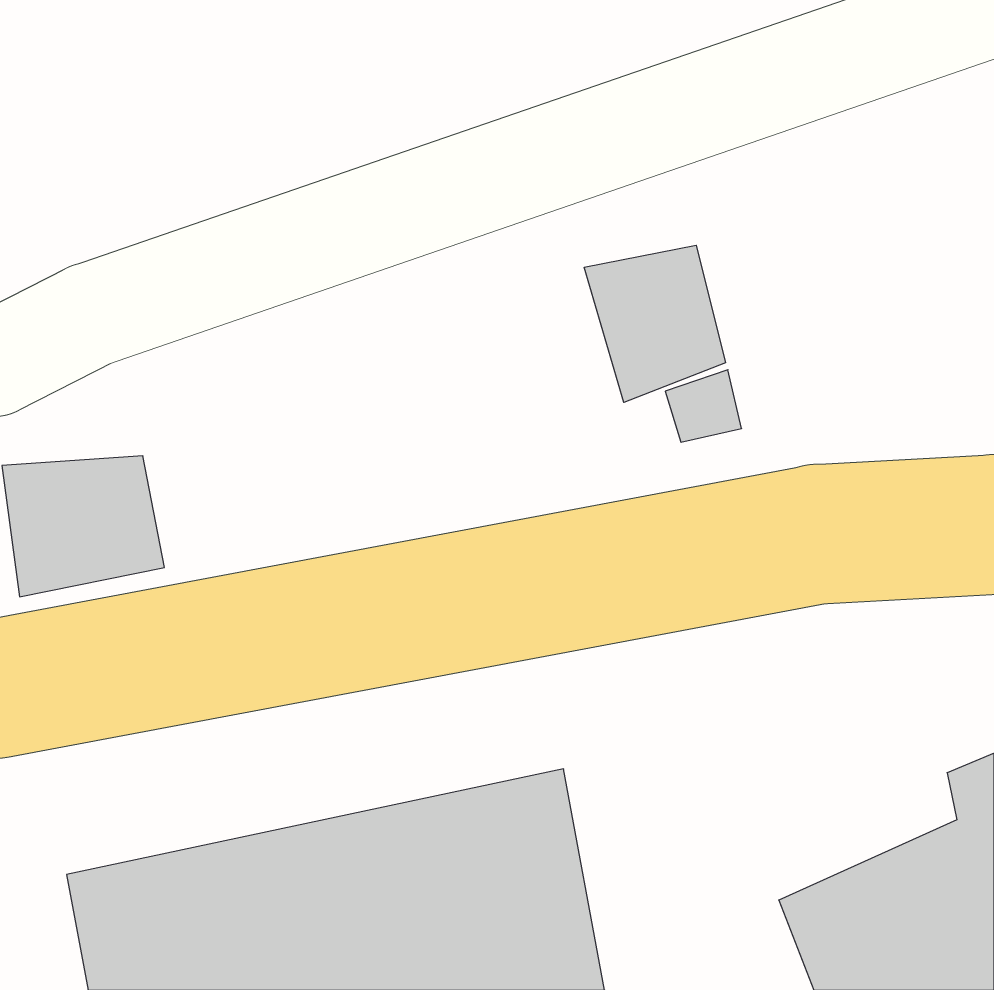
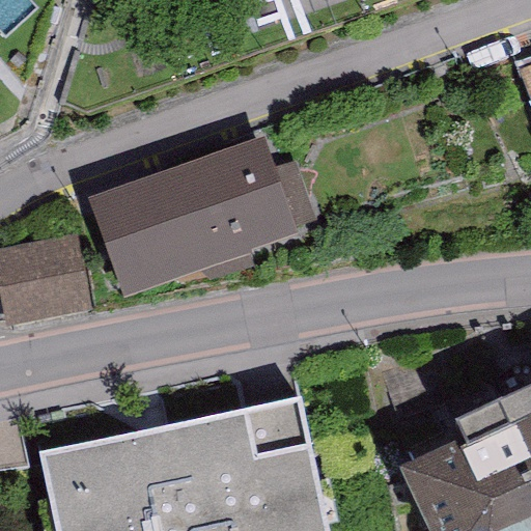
building: [584,245,725,402] -> none
building: none -> [102,148,296,274]

